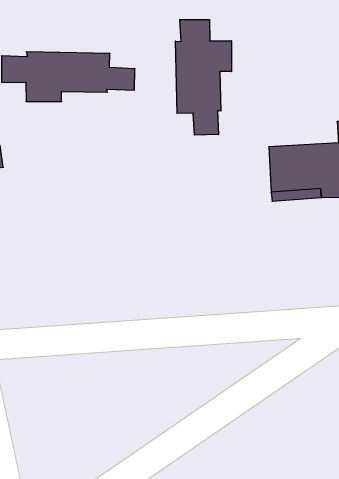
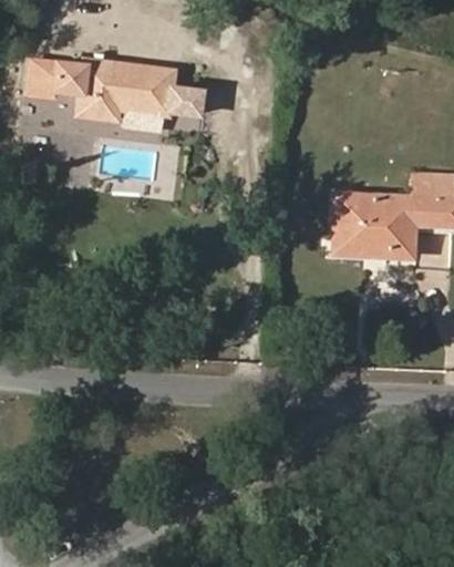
building: [175,20,231,135] -> none

